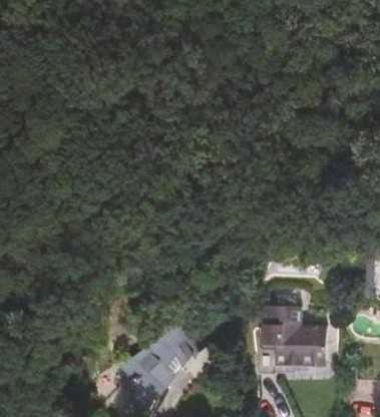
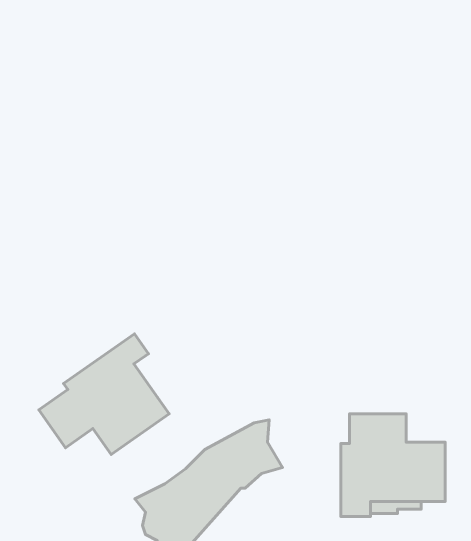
building: none -> [39,334,169,454]

